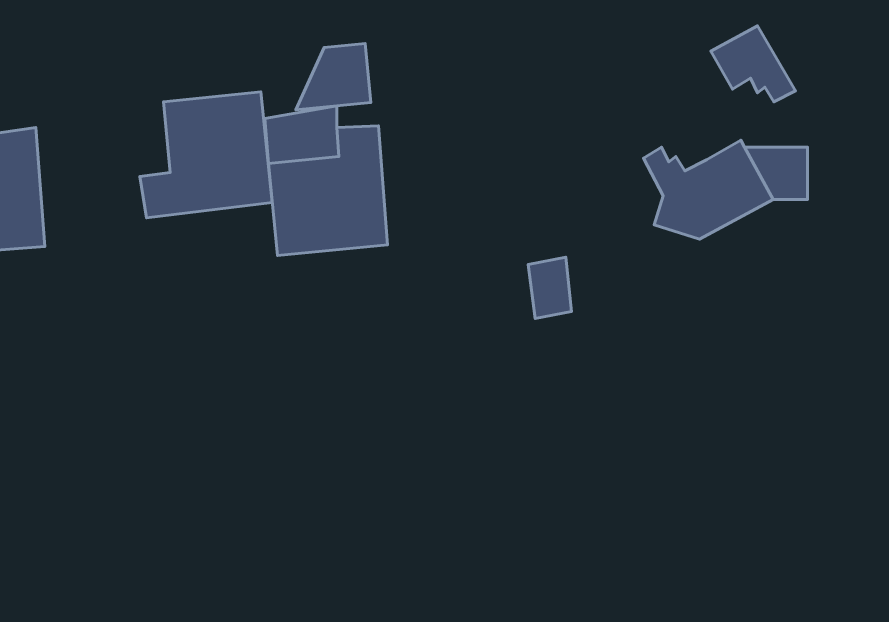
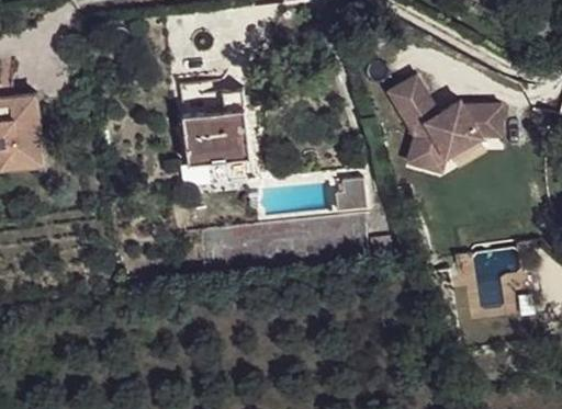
building: [711,26,795,102] -> [391,76,442,122]
building: [296,43,371,110] -> none
building: [140,92,272,218] -> none

